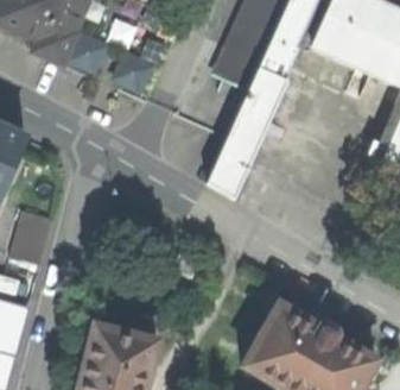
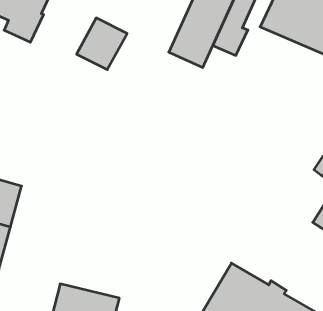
building: [69,27,115,73] -> none
building: [208,68,288,200] -> none

